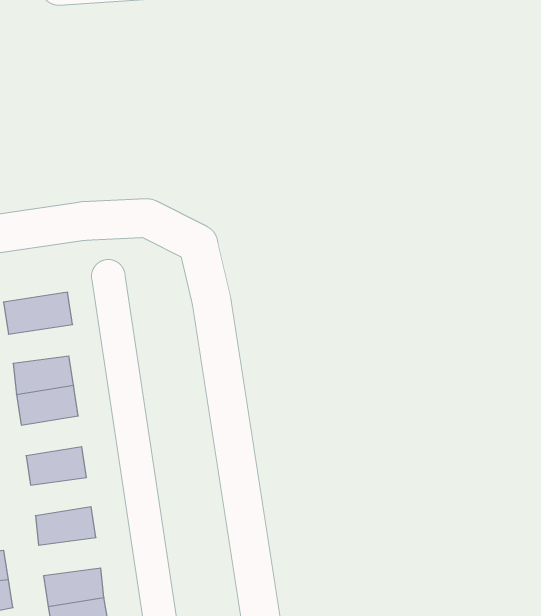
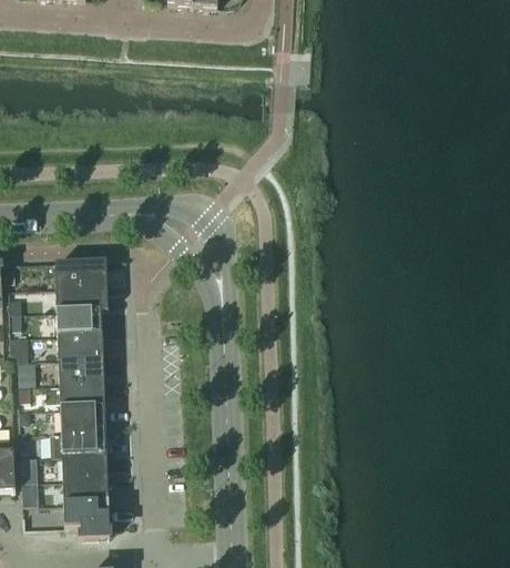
building: none -> [55,284,108,310]
building: none -> [58,356,103,383]
building: none -> [60,405,105,430]
building: none -> [61,453,108,478]

